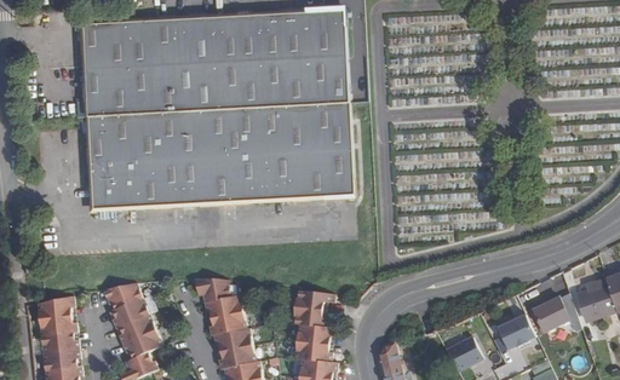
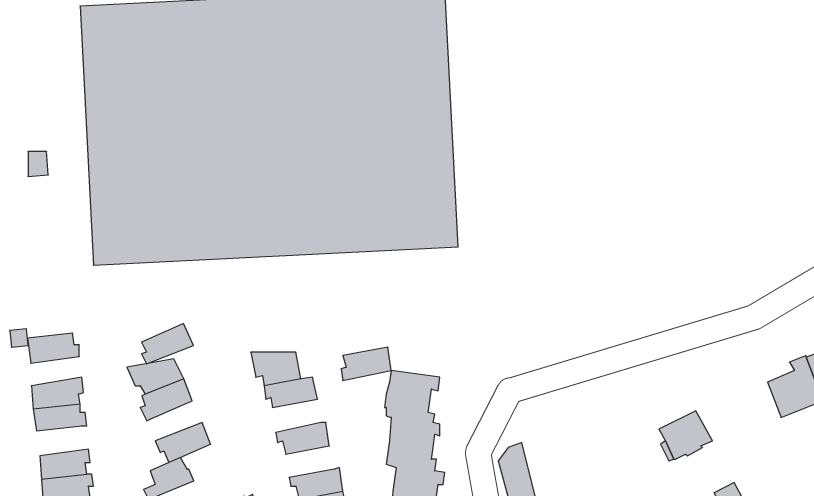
building: [528,294,576,334] -> none
building: [212,309,248,333] -> [341,347,391,381]
building: [125,310,162,339] -> [142,324,193,364]
building: [42,328,80,350] -> [27,333,79,363]
building: [446,335,482,370] -> none
building: [220,342,258,365] -> none

